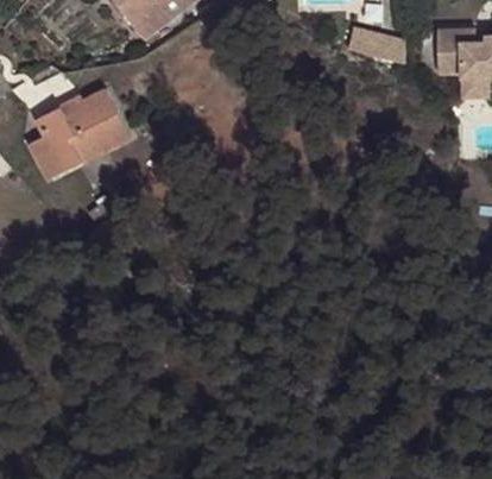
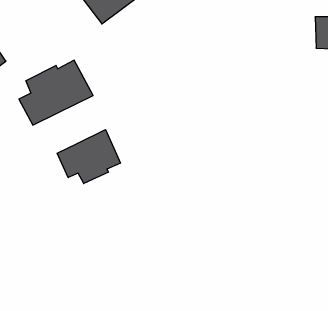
building: [354,26,405,62] -> none
building: none -> [57,130,120,184]

